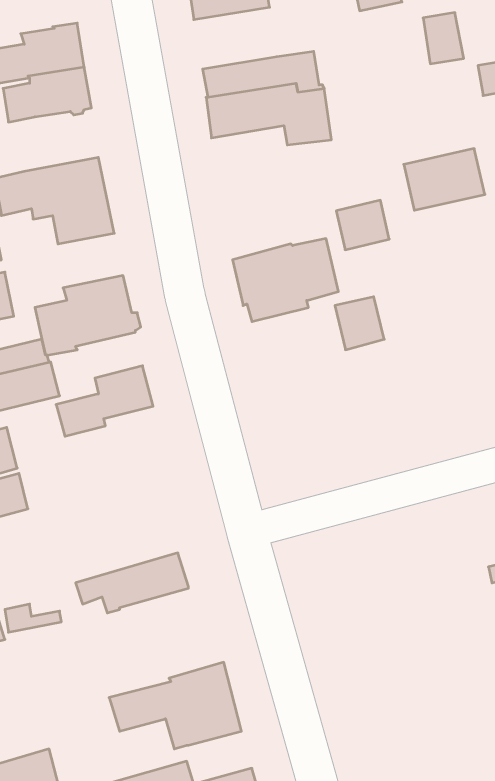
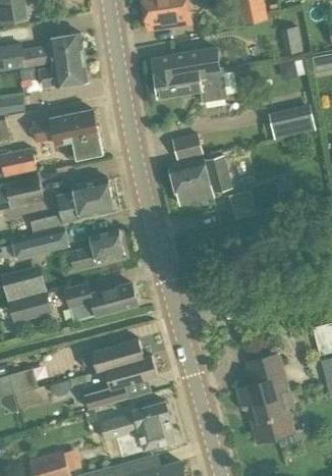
building: [336,200,389,250] -> [171,133,202,161]
building: none -> [63,281,136,320]
building: none -> [236,354,294,441]
building: none -> [84,355,157,409]

